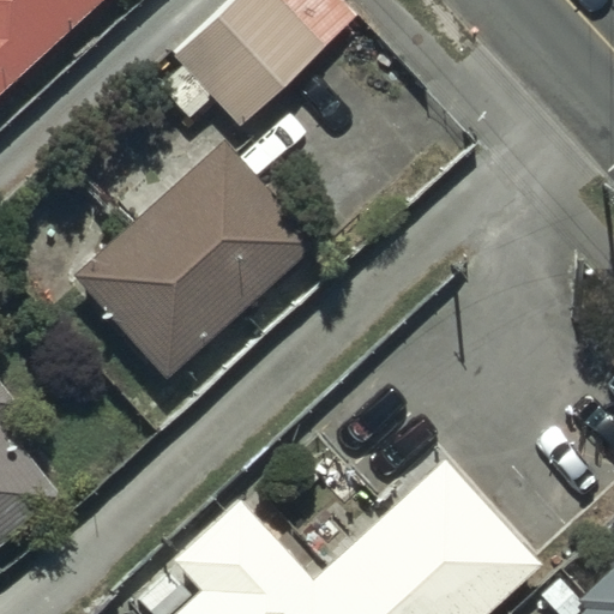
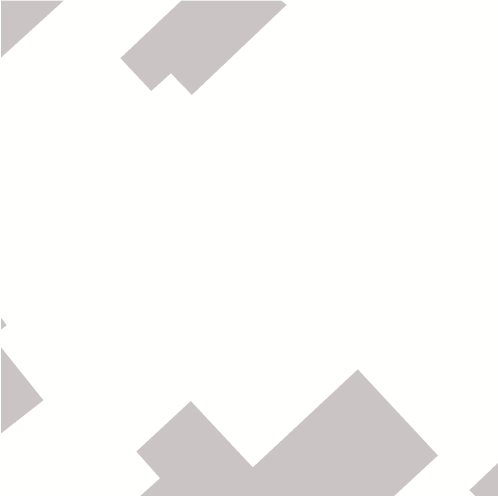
building: [73,139,315,377] -> none

